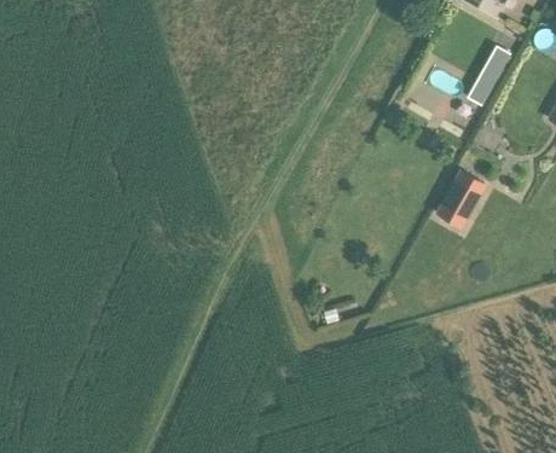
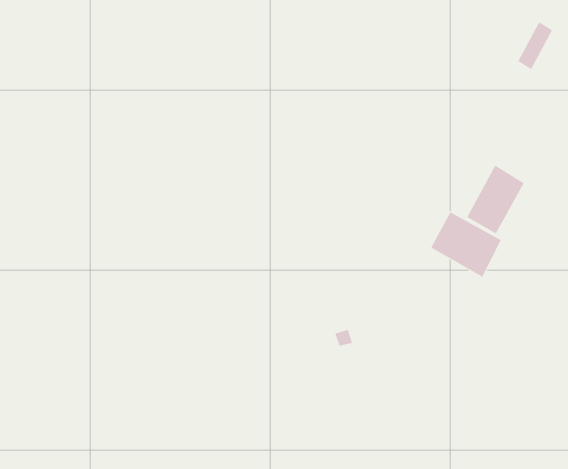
building: none -> [430,212,501,278]

